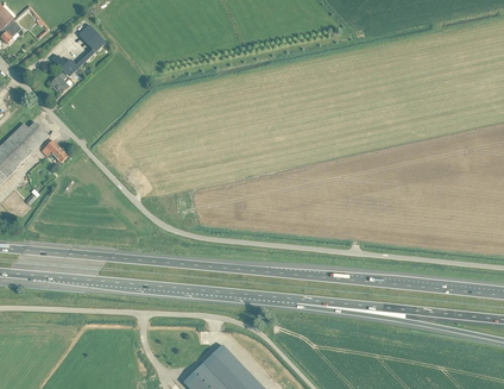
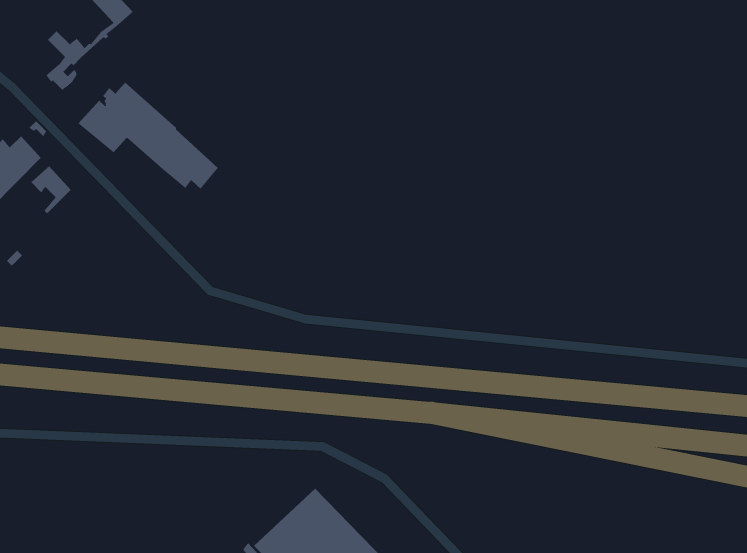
building: none -> [78,82,219,190]

